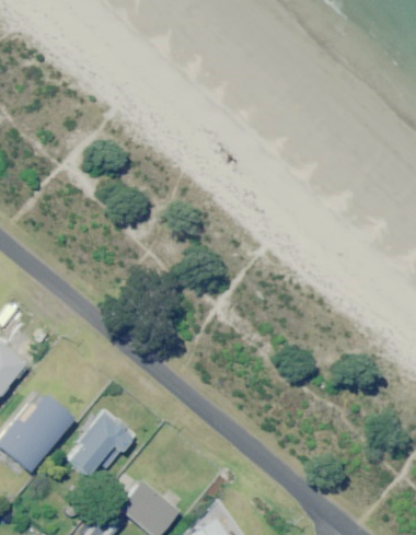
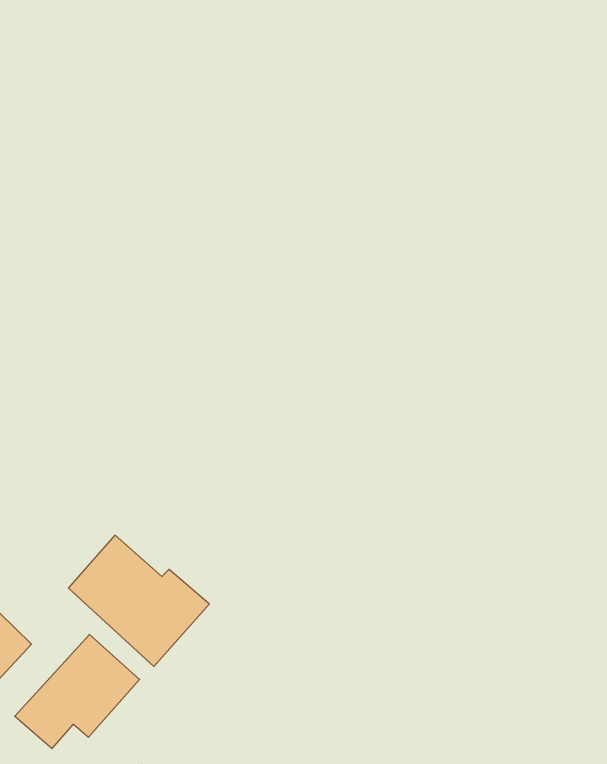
building: none -> [69,535,209,666]

